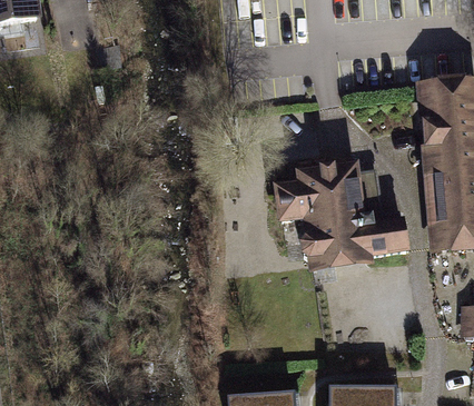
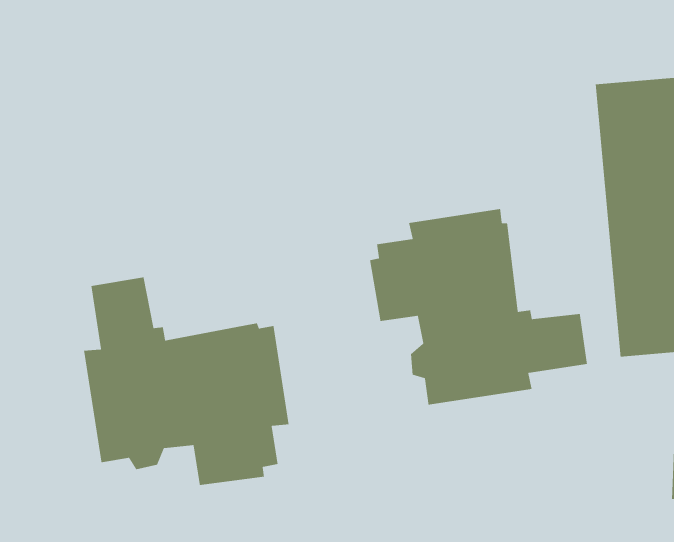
building: none -> [83,276,289,486]

